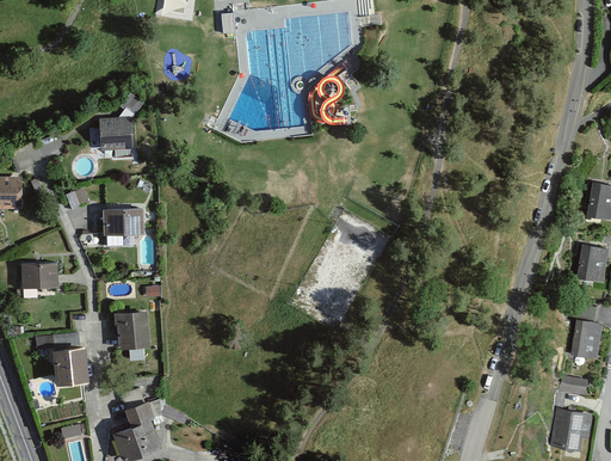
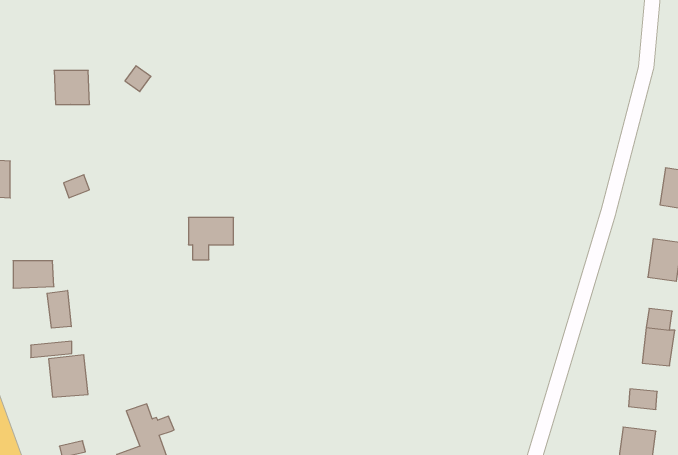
building: [99,118,130,148] -> [54,70,90,104]
building: [103,209,142,246] -> [188,218,234,260]
building: none -> [47,290,71,328]
building: [113,311,148,346] -> none

